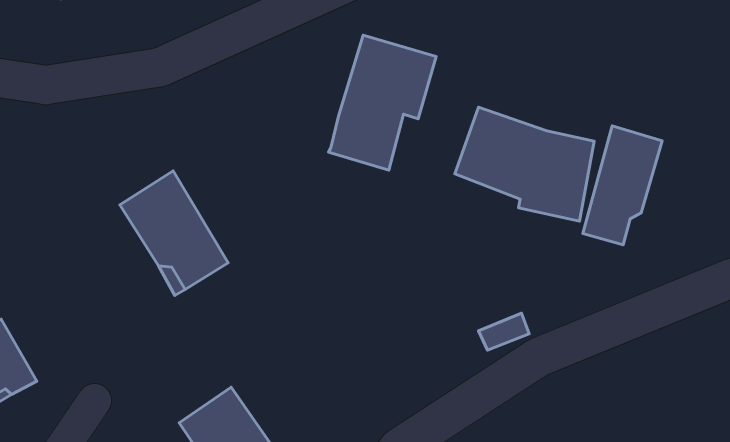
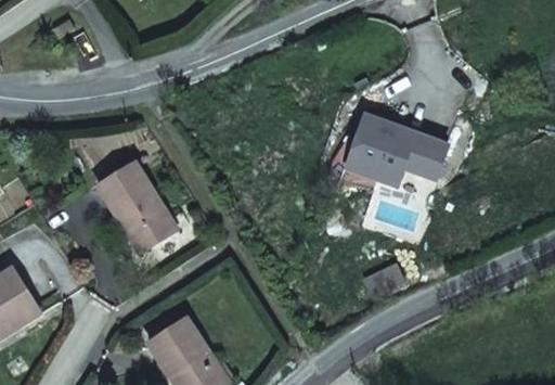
building: [328,35,436,170] -> none
building: [583,126,662,245] -> none

